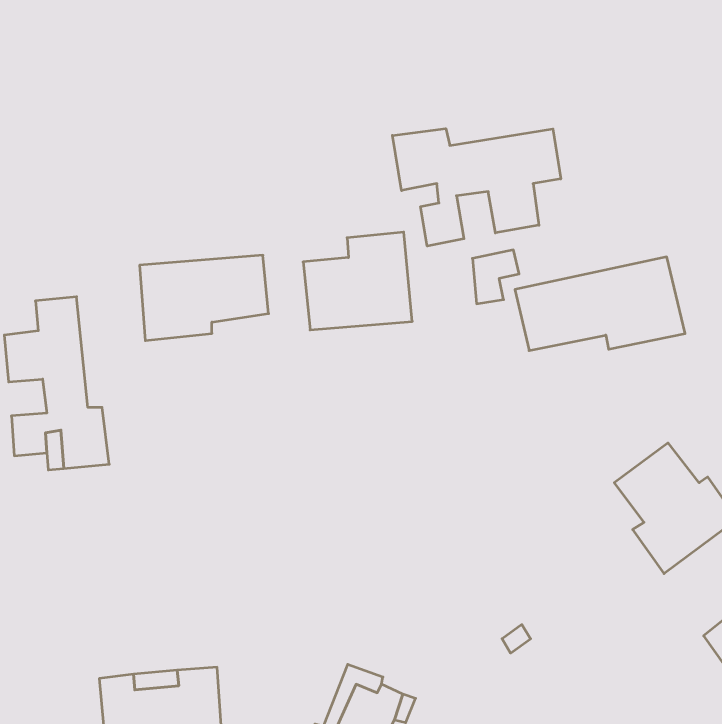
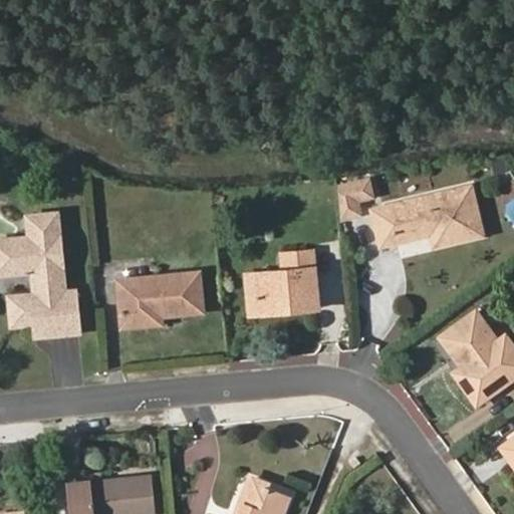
building: [392,129,561,246] -> none
building: [303,232,412,330] -> [244,247,321,316]
building: [140,255,269,341] -> [115,271,207,331]

